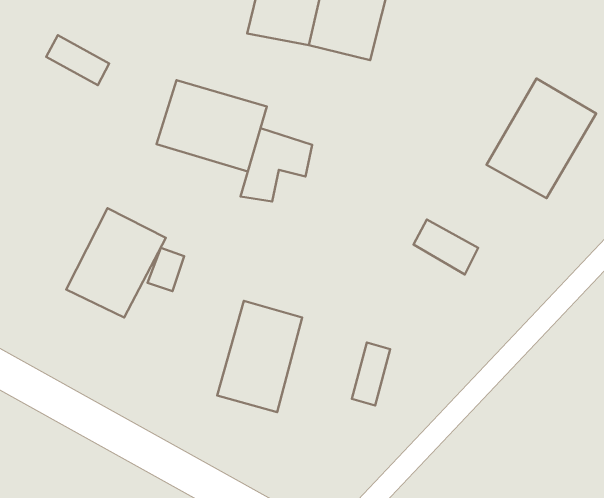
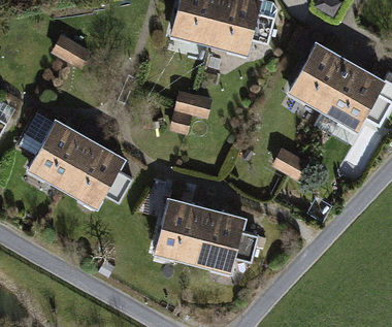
building: none -> [285,44,350,117]
building: [156,80,267,172] -> none
building: none -> [25,127,84,194]
building: none -> [189,211,242,281]

